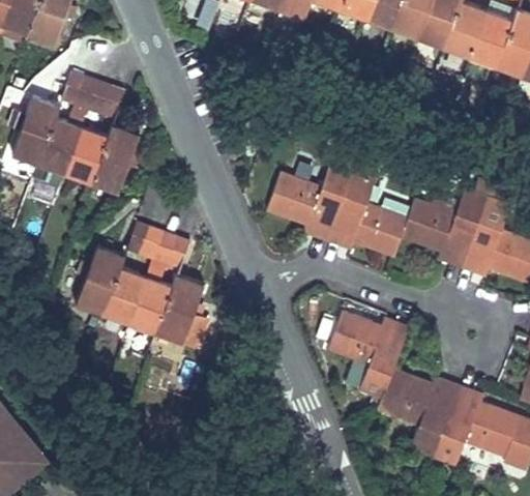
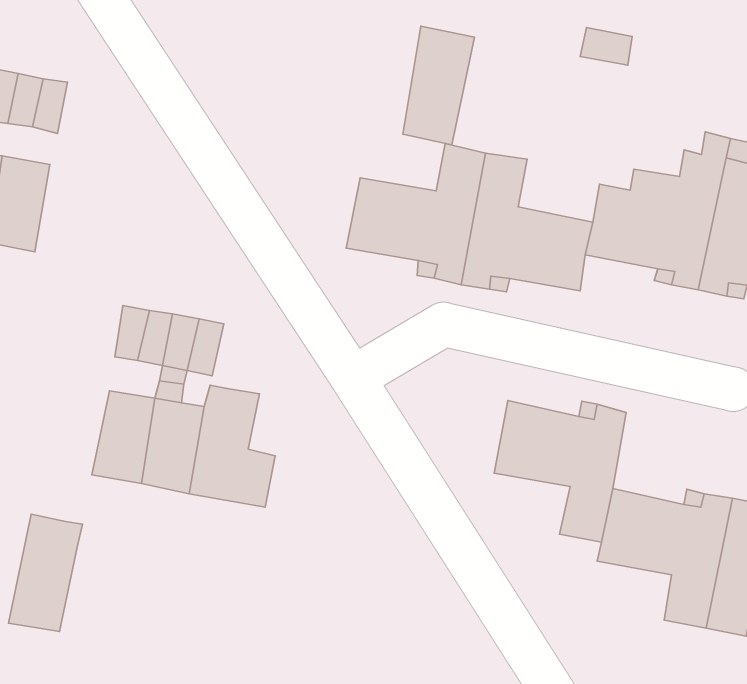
building: none -> [403,26,475,145]
building: [91,124,139,193] -> none
building: [75,245,125,314] -> [8,514,83,631]

